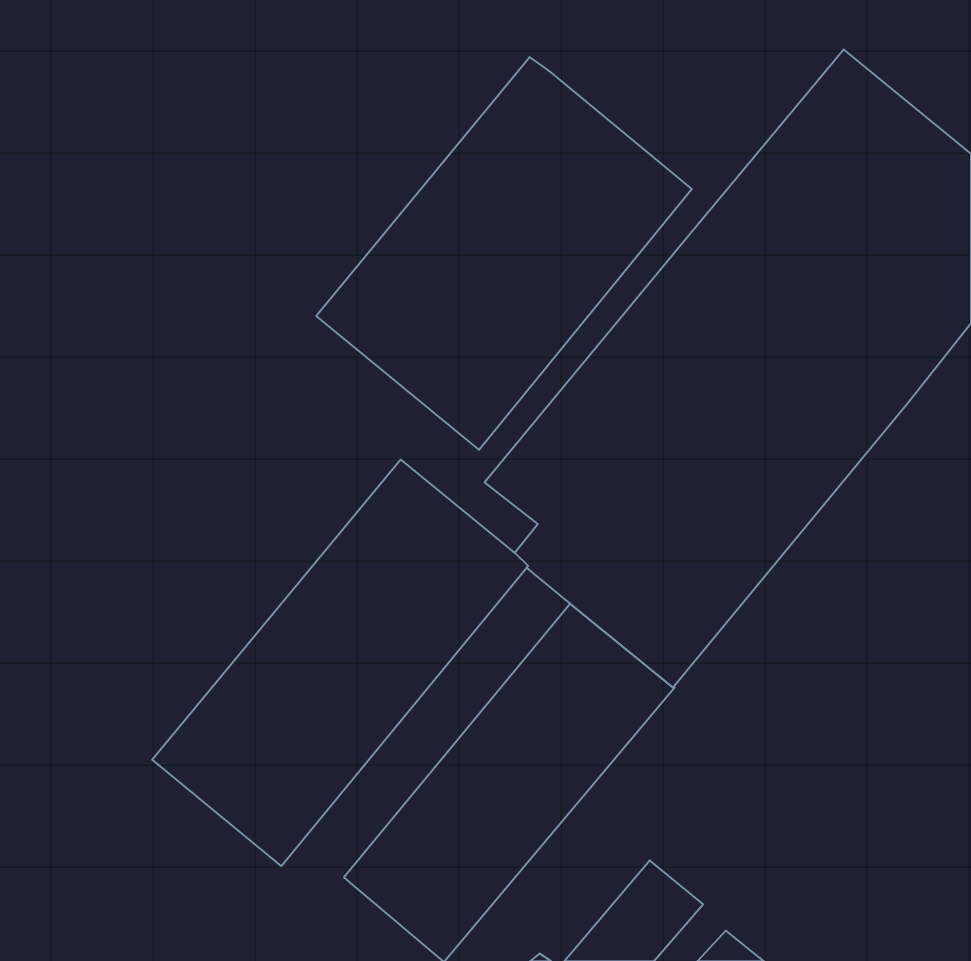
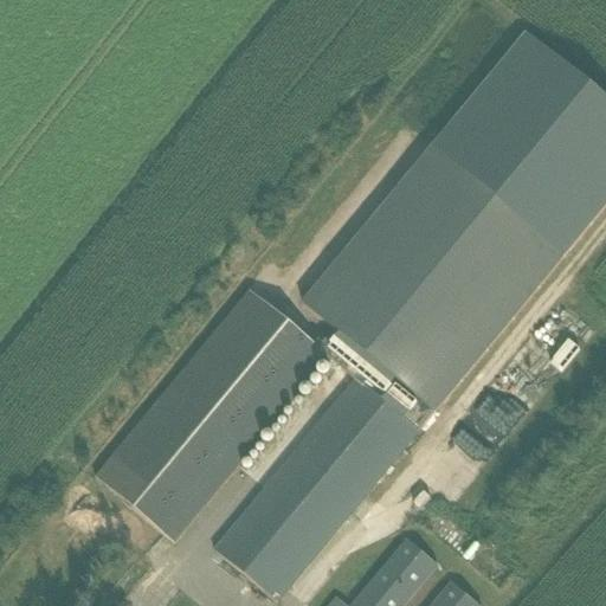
building: [316,57,692,450] -> none

